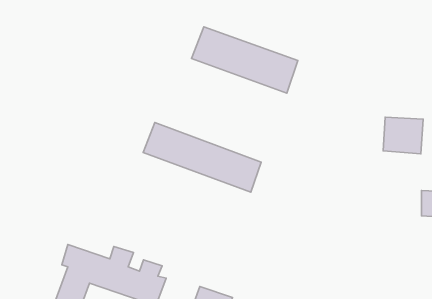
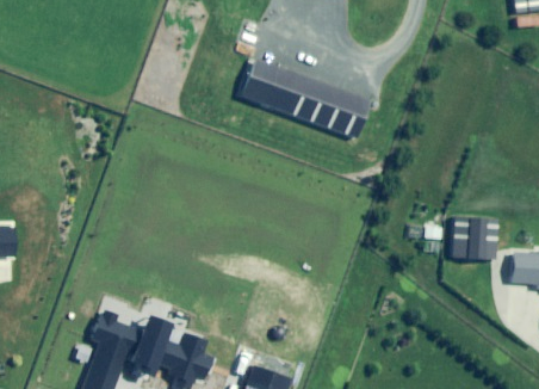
building: [383,117,423,154] -> [448,217,495,260]
building: [143,123,261,192] -> none

